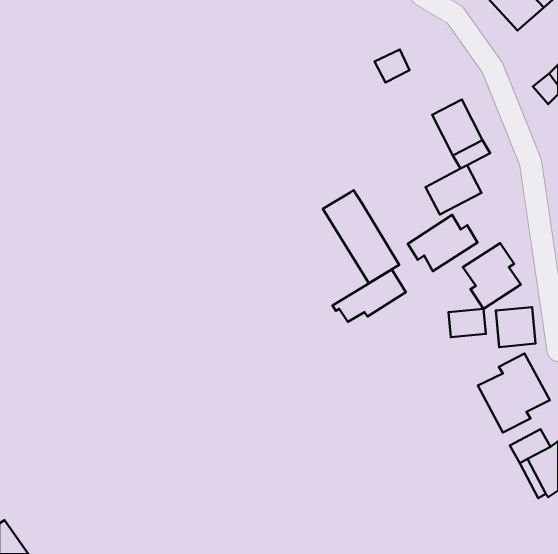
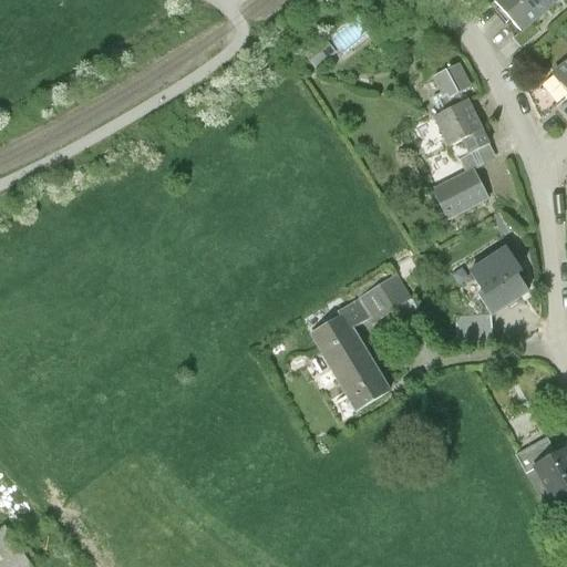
building: [375,50,410,82] -> [435,64,471,97]
building: [323,190,399,283] -> [312,312,390,406]
building: [408,215,477,271] -> none
building: [496,307,536,347] -> none
building: [478,353,550,432] -> none

